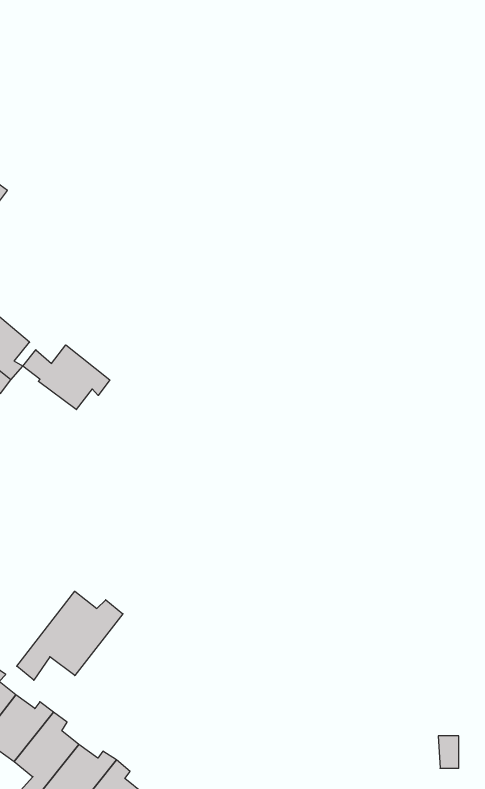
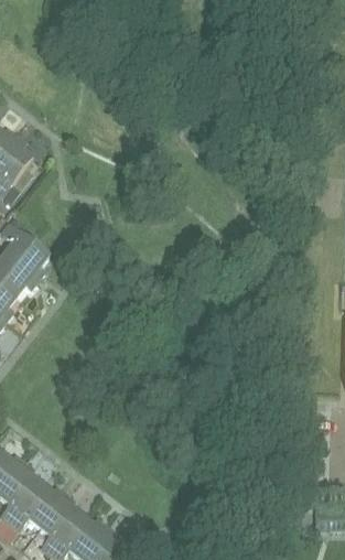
building: [23,345,110,410] -> none
building: [17,591,123,680] -> none

